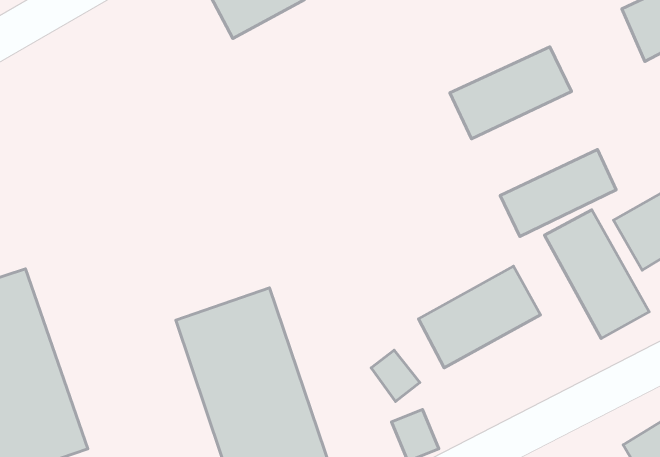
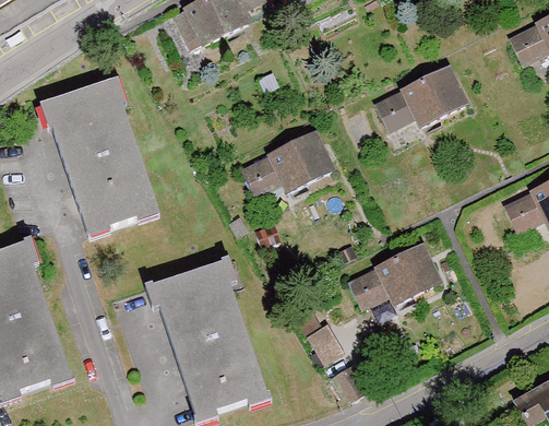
building: none -> [44,78,164,255]
building: none -> [237,125,338,209]
building: [500,149,616,236] -> none
building: [544,210,649,338] -> none

